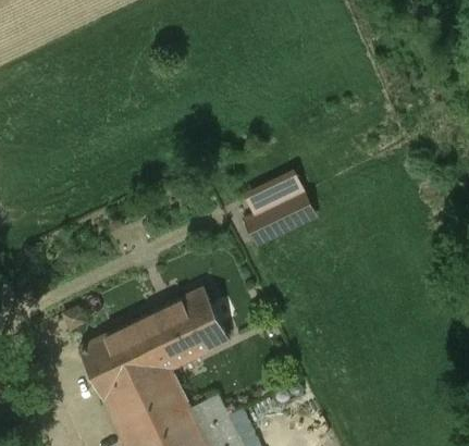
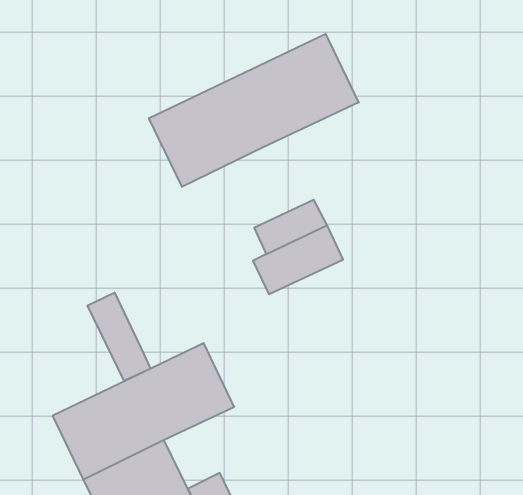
building: none -> [149,34,359,187]
building: none -> [88,292,150,381]

